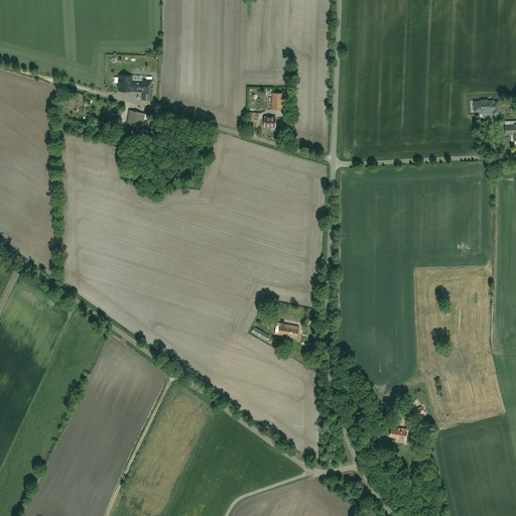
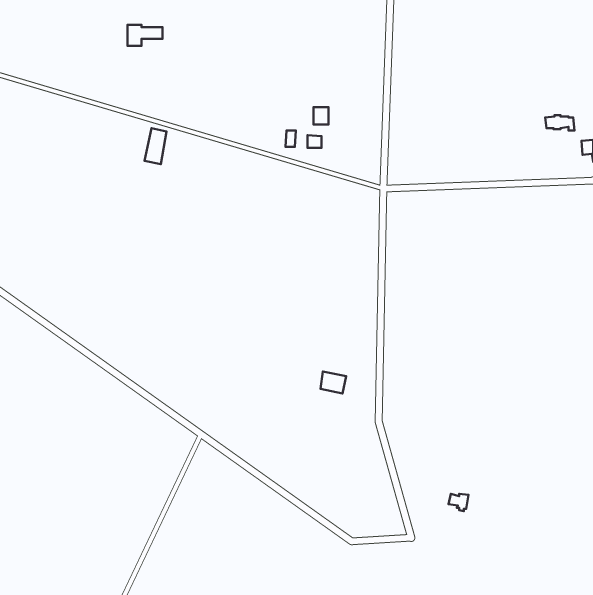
building: [119,75,149,93] -> [128,25,162,46]

